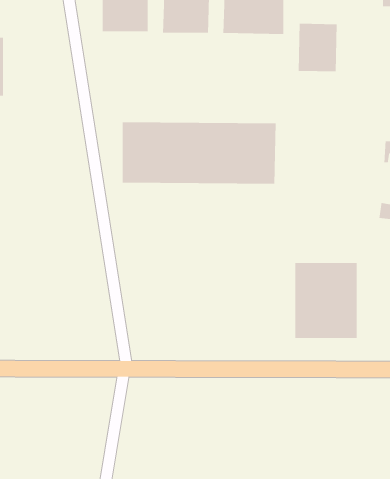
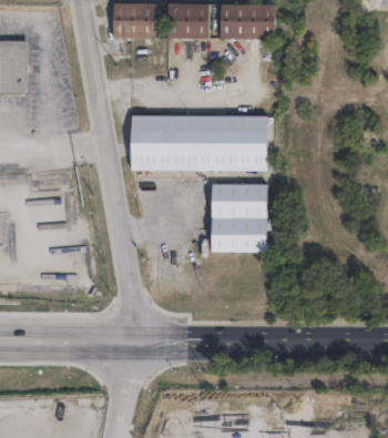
building: [298,23,337,72] -> none
building: [295,262,358,339] -> [212,184,267,252]

